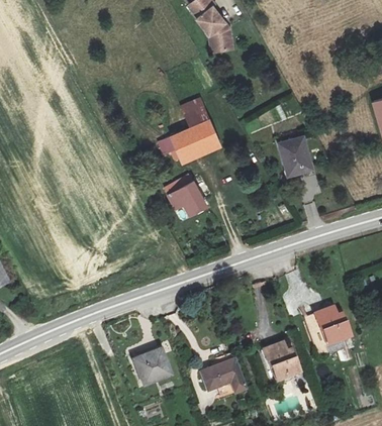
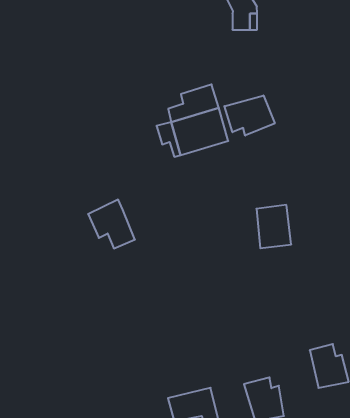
building: none -> [224,95,275,136]
building: [278,136,312,177] -> [256,205,291,248]
building: [163,173,206,215] -> [88,200,135,248]
building: [133,348,172,386] -> none

